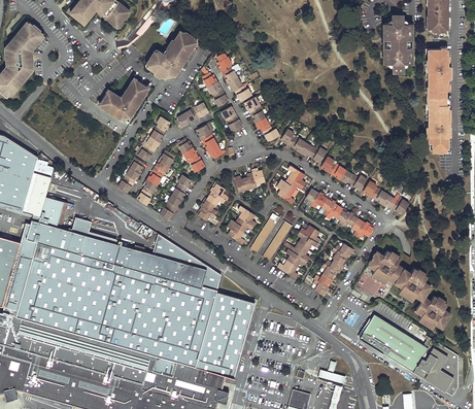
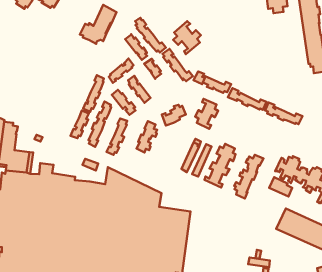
building: none -> [173,21,201,54]
building: [99,78,148,118] -> none
building: [305,189,375,238] -> none
building: [227,206,256,243] -> none

